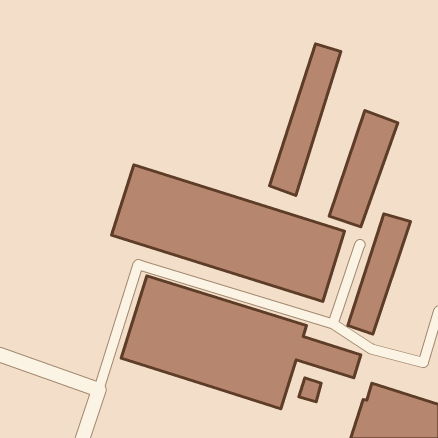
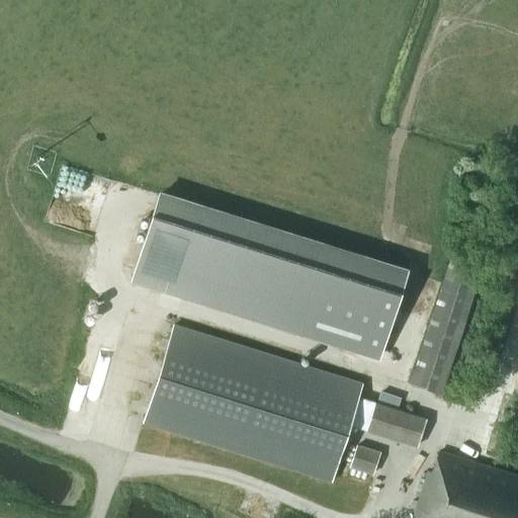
building: [270,44,341,196] -> none
building: [329,111,398,227] -> none

